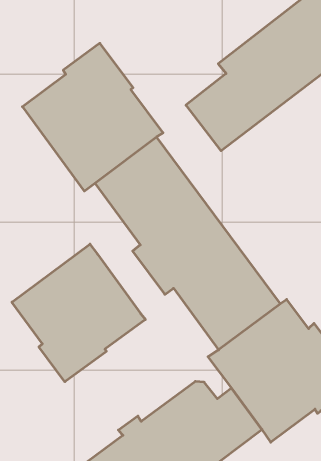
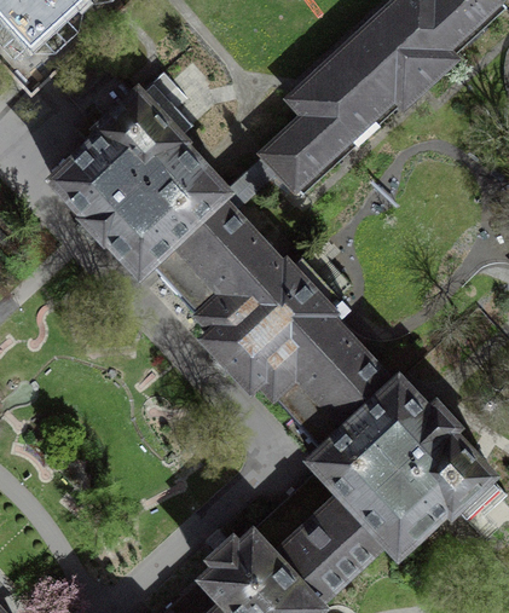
building: [12,244,145,382] -> none

